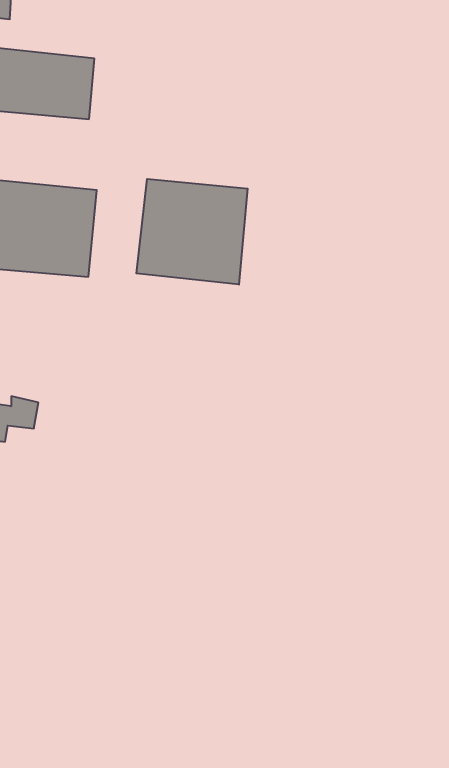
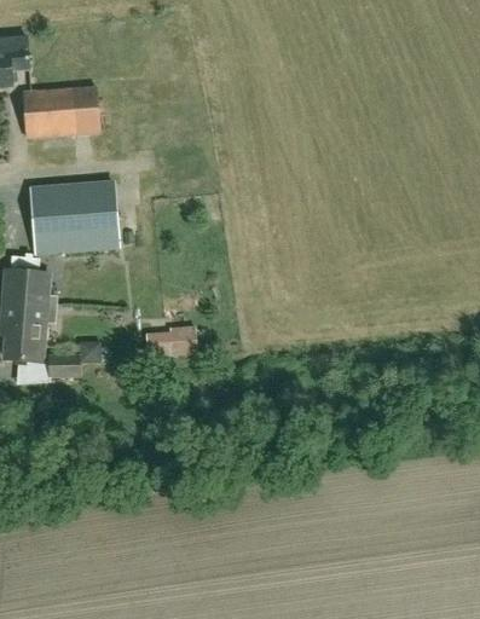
building: [136,179,248,285] -> none
building: none -> [157,326,196,358]

